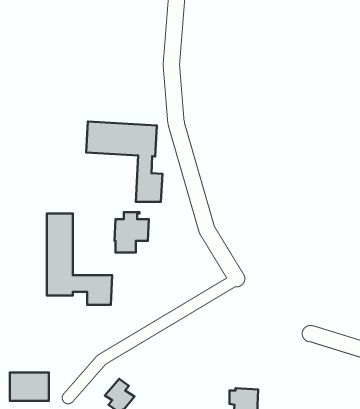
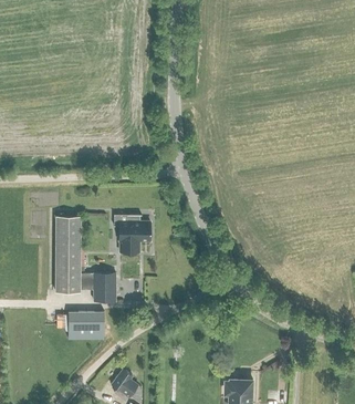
building: [86,122,162,202] -> none
building: [10,372,49,401] -> [67,312,104,339]

